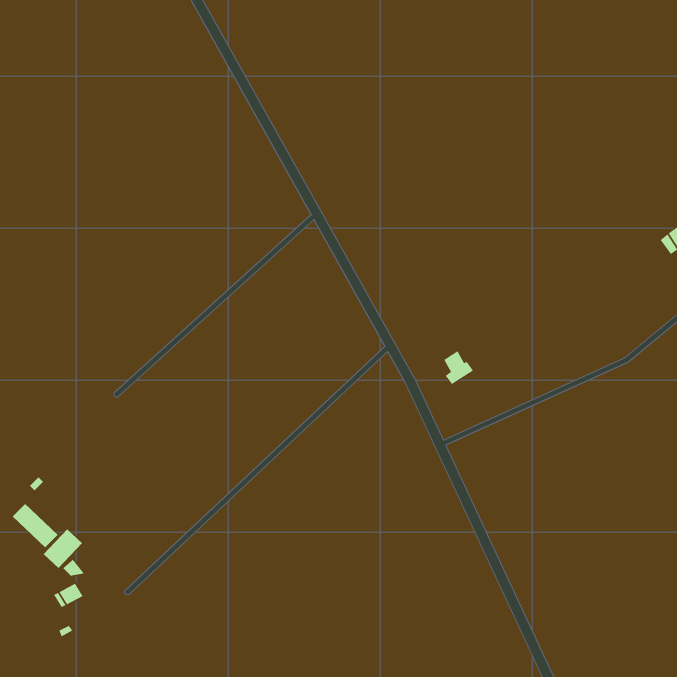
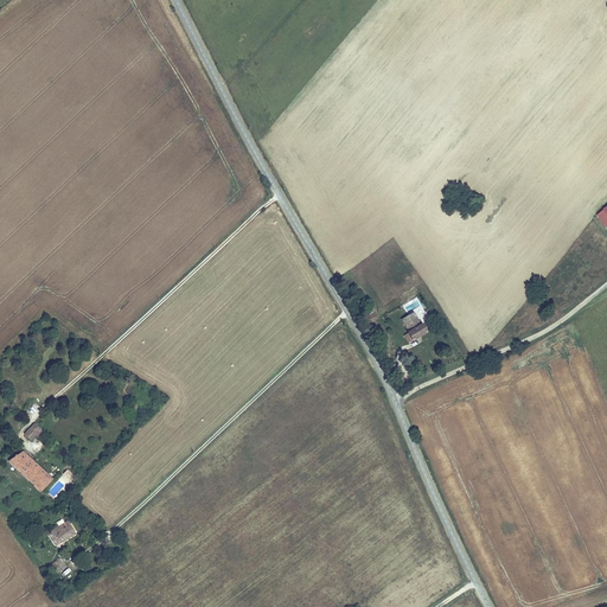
building: [43,529,83,569] -> none

